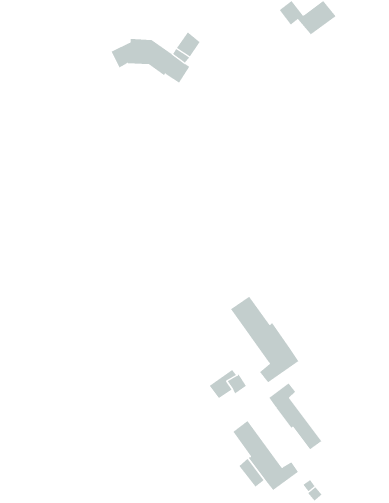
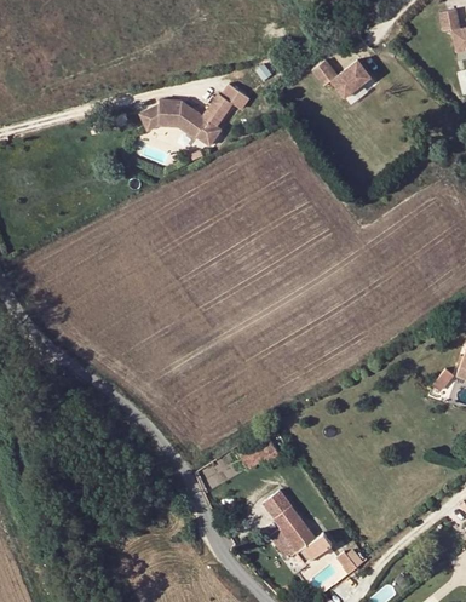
building: [230,296,299,383] -> none
building: [269,383,322,450] -> none

